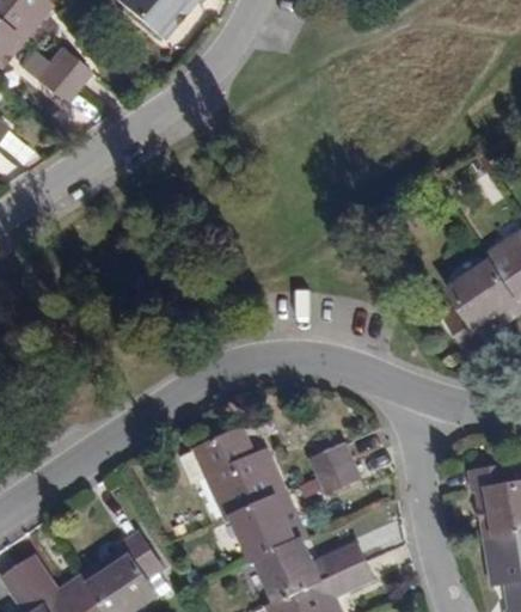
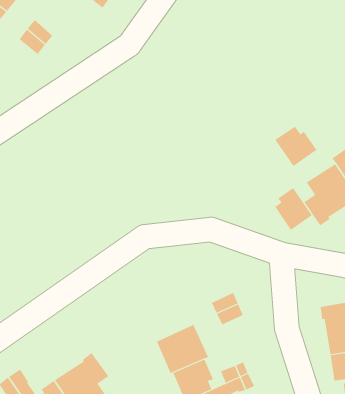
building: none -> [274,126,317,167]
building: none -> [274,187,312,231]
building: [195,428,288,518] -> none

